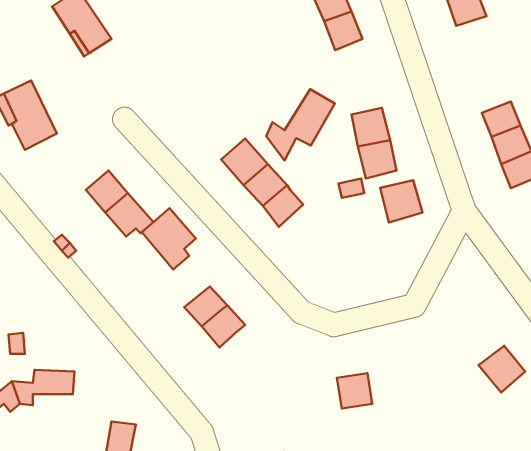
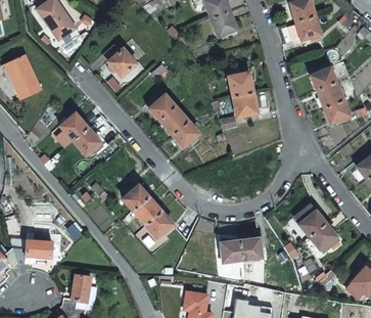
building: none -> [288,14,320,41]
building: none -> [103,45,136,76]
building: [266,89,335,160] -> none
building: [380,180,422,223] -> none
building: [142,208,196,270] -> none
building: none -> [294,205,326,236]
building: none -> [145,211,173,237]
building: none -> [239,239,262,261]

